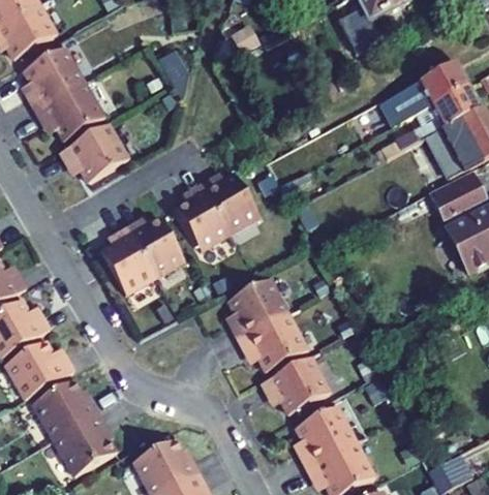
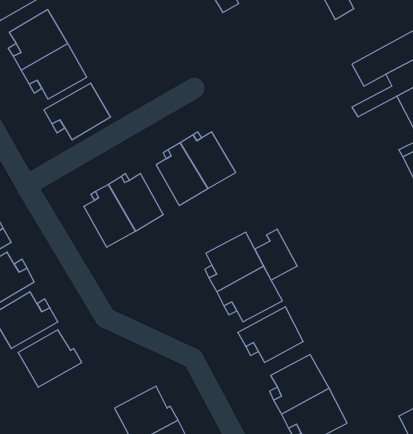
building: none -> [255,229,297,280]
building: [53,413,116,475] -> none

